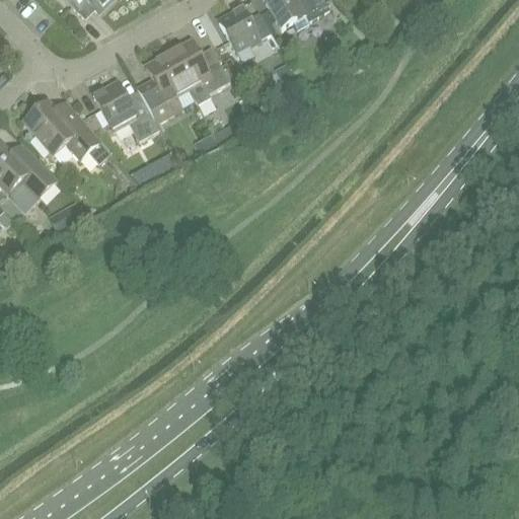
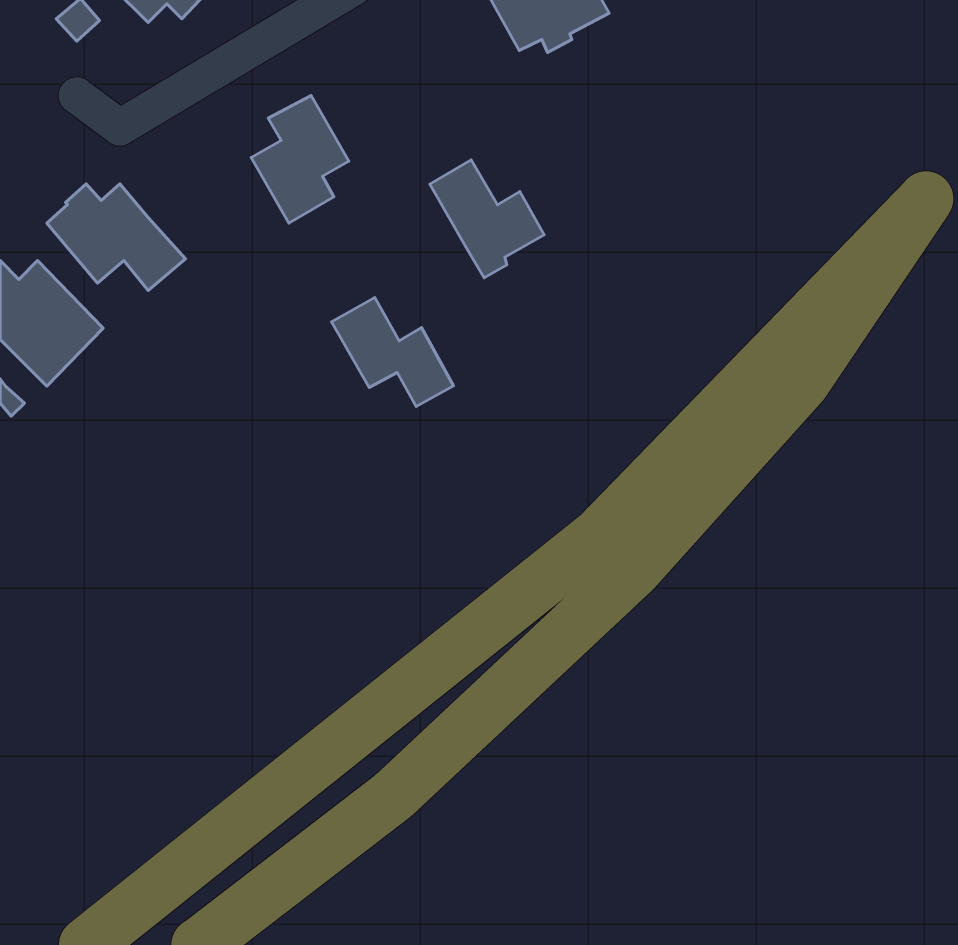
building: [218,6,271,57] -> none
building: [168,39,230,102] -> [430,160,544,278]
building: [93,80,159,139] -> [332,298,454,406]

